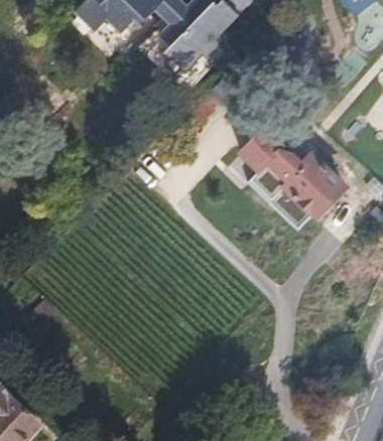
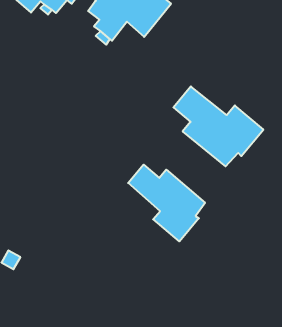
building: none -> [128,165,205,241]

